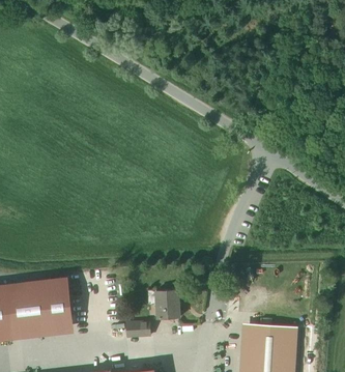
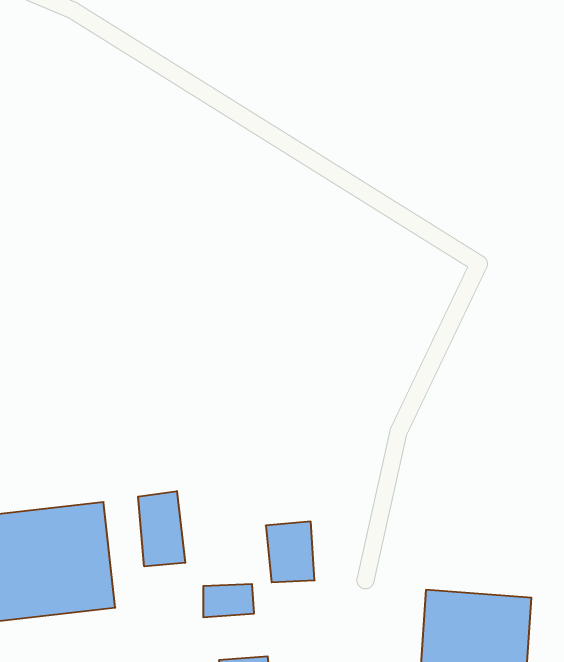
building: none -> [138,491,185,566]

